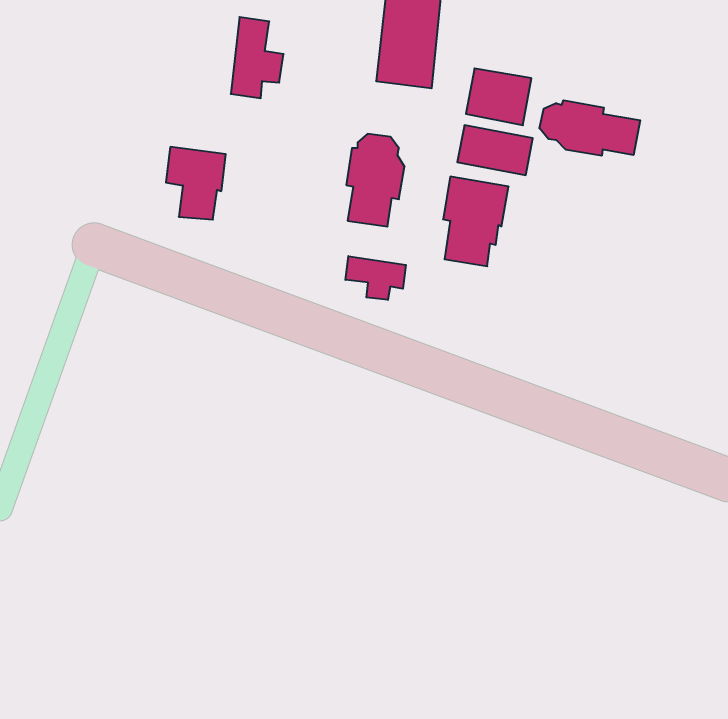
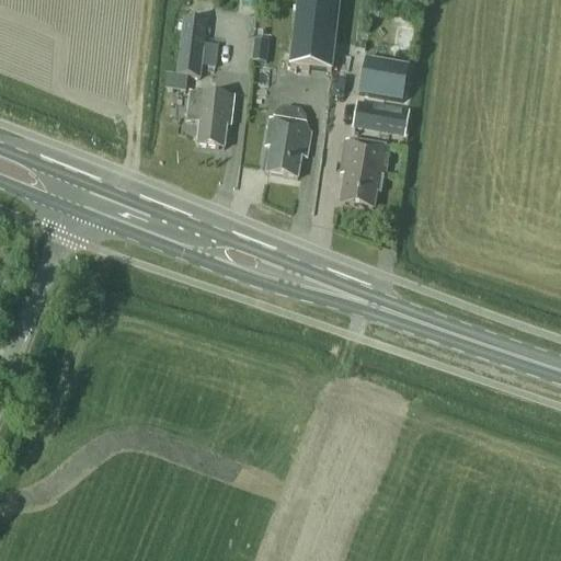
building: [539,100,640,156] -> none
building: [166,147,226,220] -> [187,89,233,145]
building: [345,256,406,300] -> none

